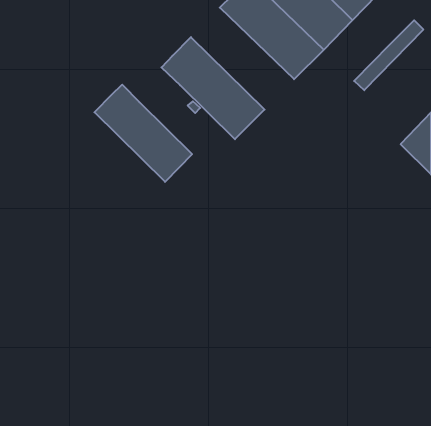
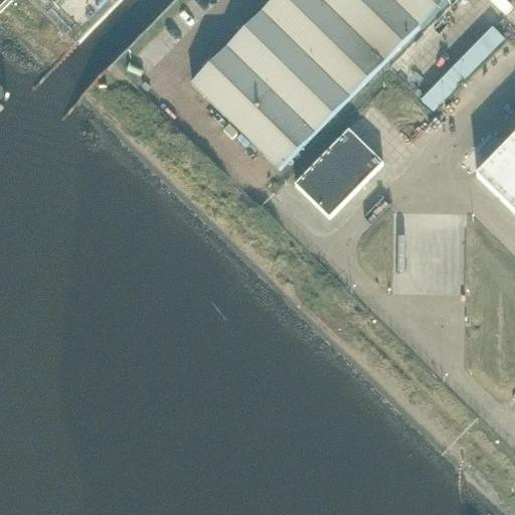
building: none -> [227,9,350,131]
building: [94,85,192,182] -> none
building: none -> [295,127,384,215]

